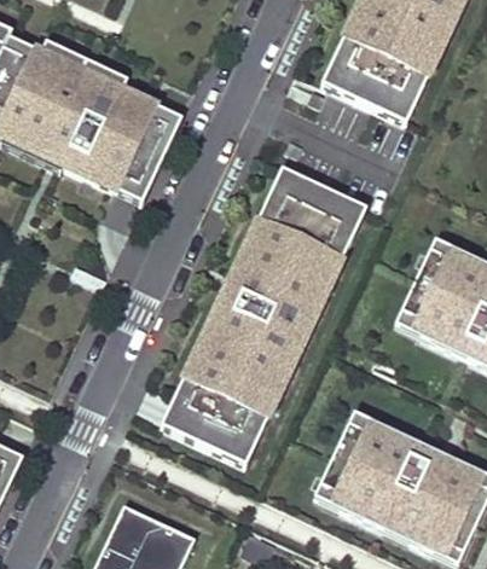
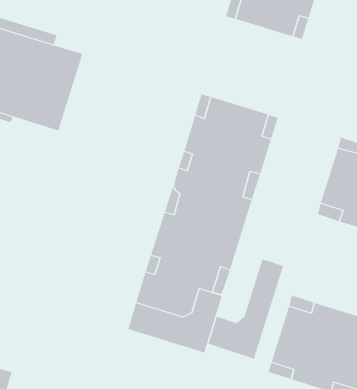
building: [114,103,181,201] -> none
building: none -> [208,259,284,359]

